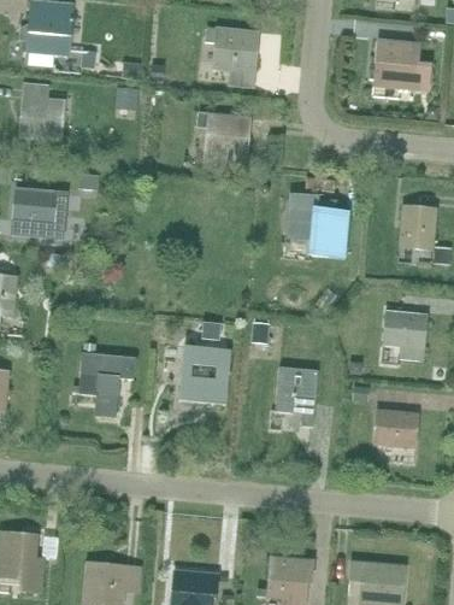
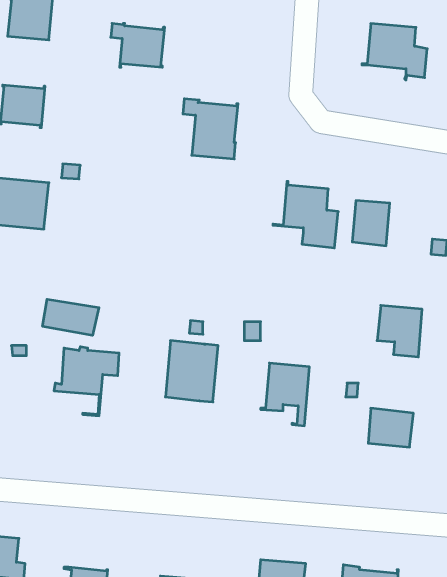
building: [205,28,257,70] -> [111,23,165,67]
building: [399,206,435,249] -> [352,201,390,246]
building: none -> [43,299,99,335]

